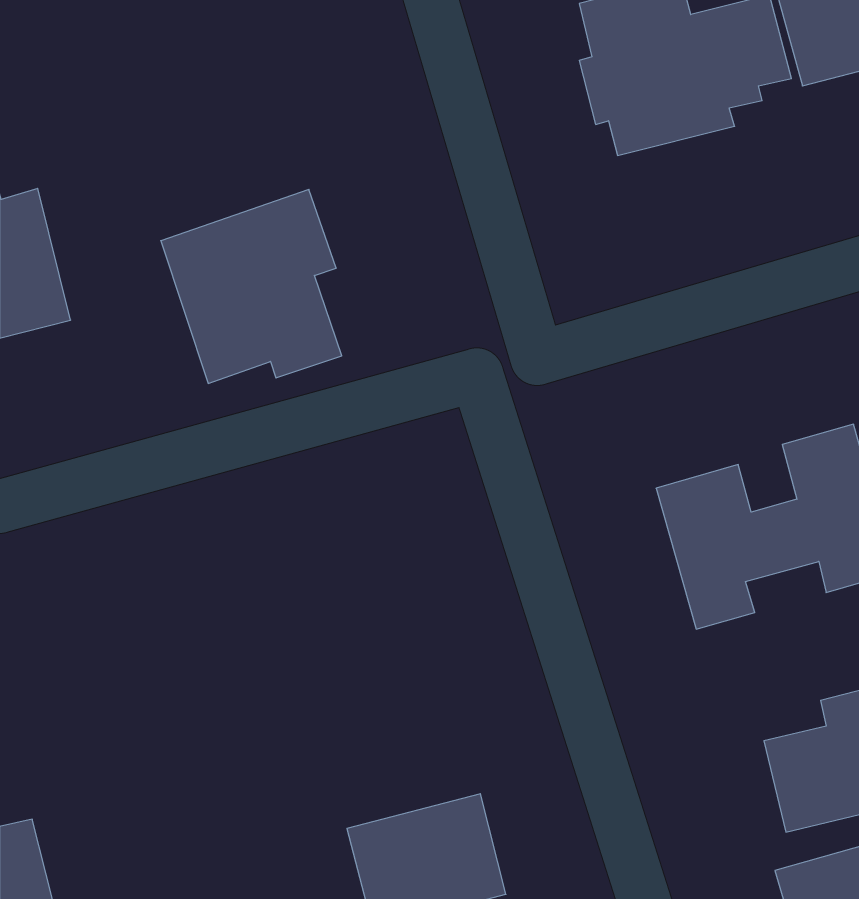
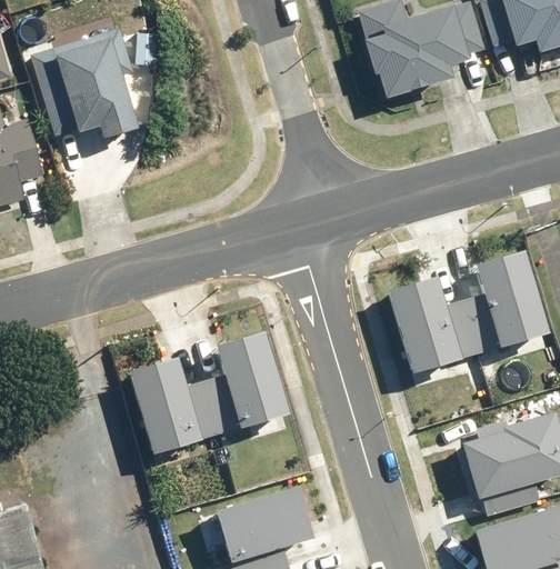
building: [161,189,342,383] -> [26,23,136,141]
building: none -> [139,333,286,459]

